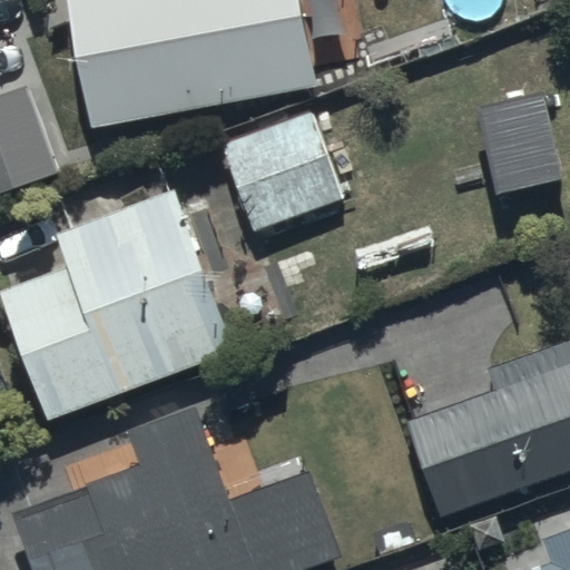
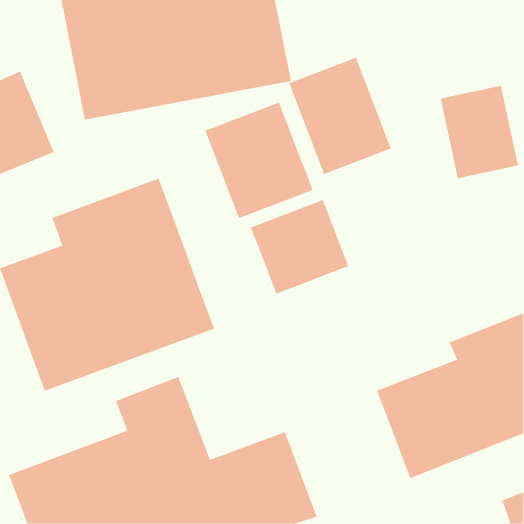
building: none -> [288,57,392,175]
building: none -> [250,199,349,294]

